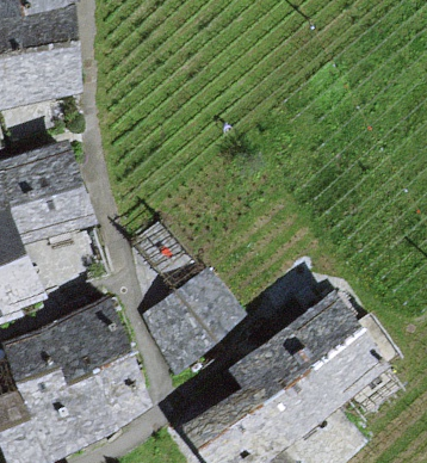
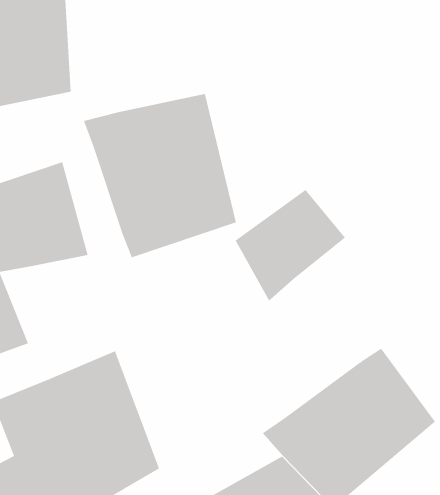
building: none -> [83,93,237,258]
building: [148,273,241,368] -> [235,189,346,302]

